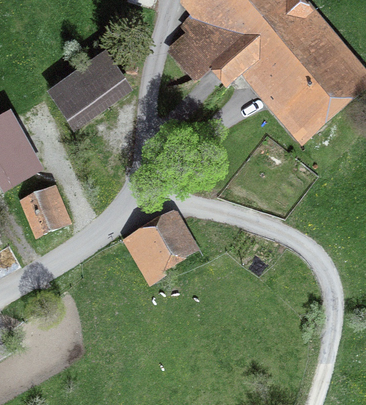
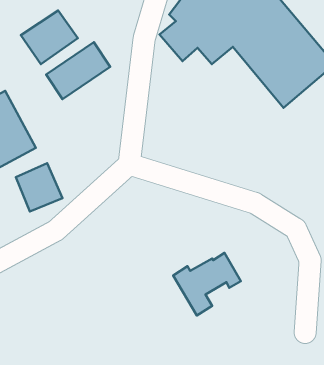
building: none -> [21,11,78,64]
building: [127,218,198,284] -> [173,253,241,316]

